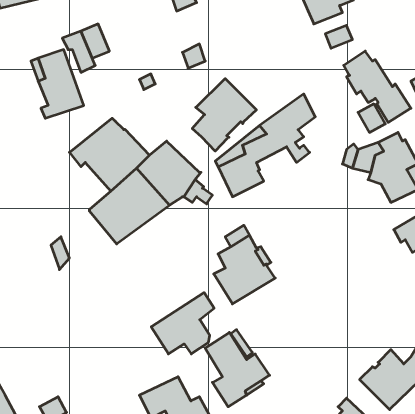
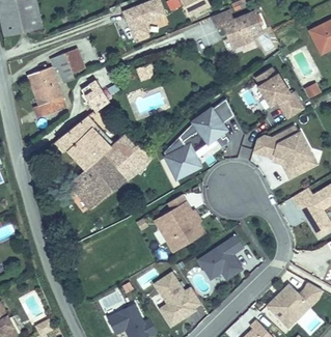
building: none -> [82,80,108,110]
building: [192,79,256,151] -> none
building: [151,293,214,354] -> [198,234,244,279]

